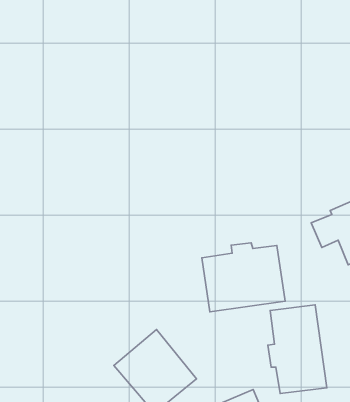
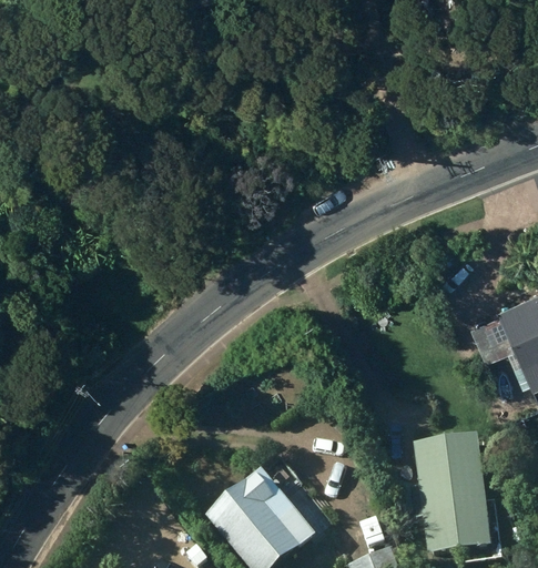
building: [202,243,285,312] -> none

